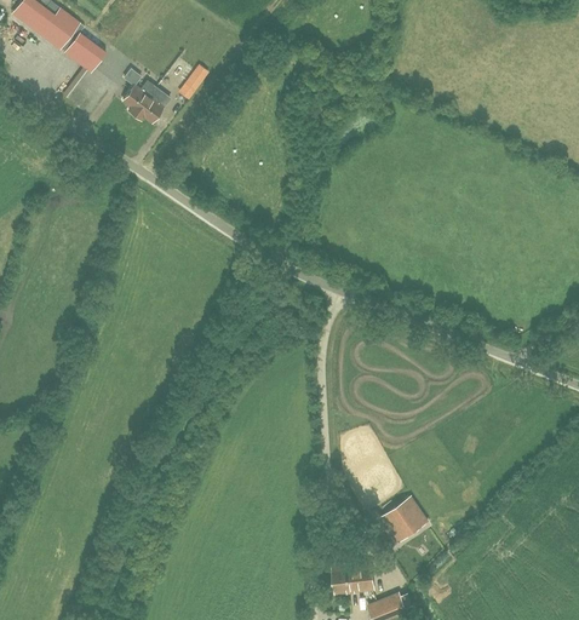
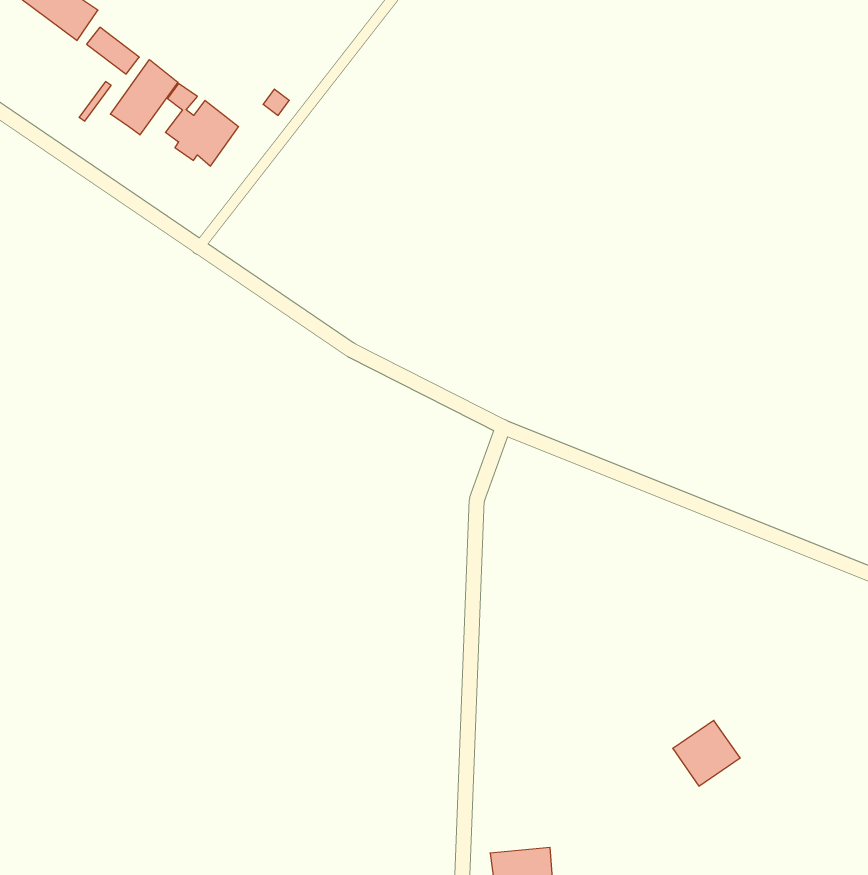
building: none -> [110,60,178,135]
building: [383,498,426,540] -> [673,720,740,786]

